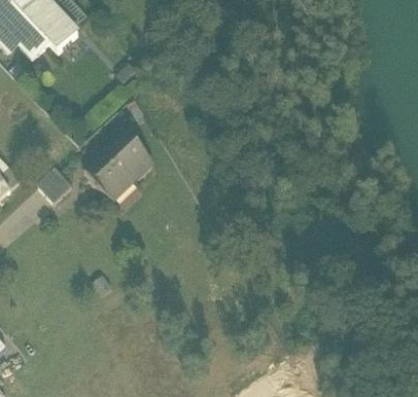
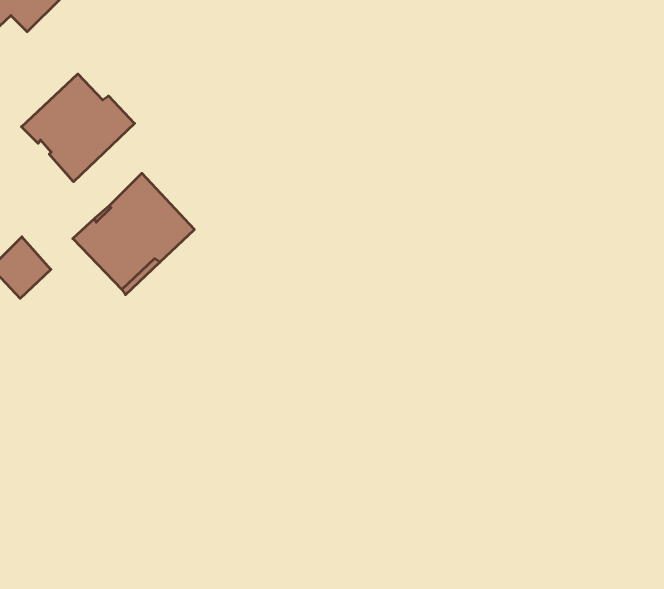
building: none -> [21,74,135,182]

